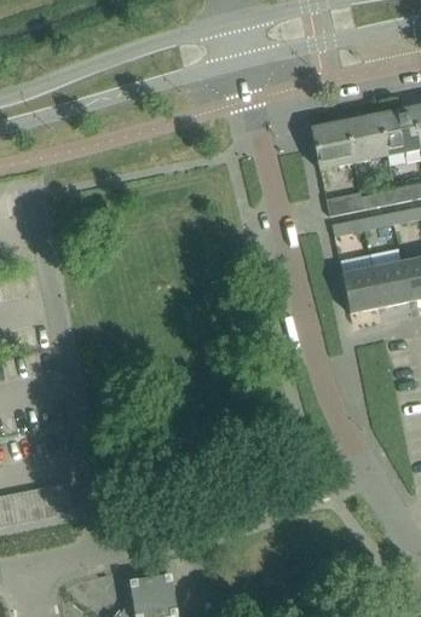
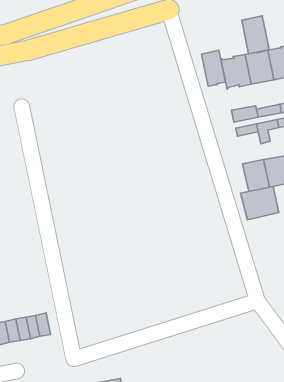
building: none -> [242,16,269,54]
building: none -> [201,50,226,86]
building: none -> [241,186,279,220]

